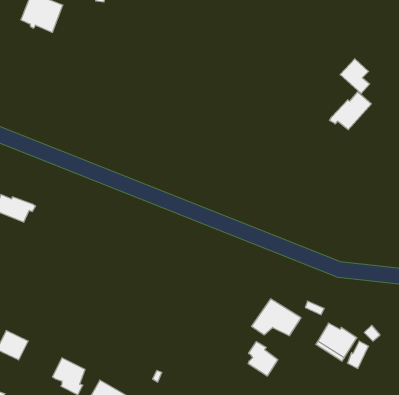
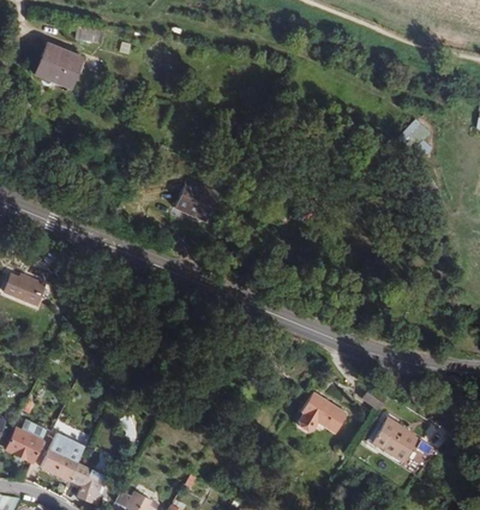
building: [330,92,371,130] -> none
building: none -> [174,180,218,221]
building: none -> [38,432,86,482]
building: [248,342,278,376] -> none

